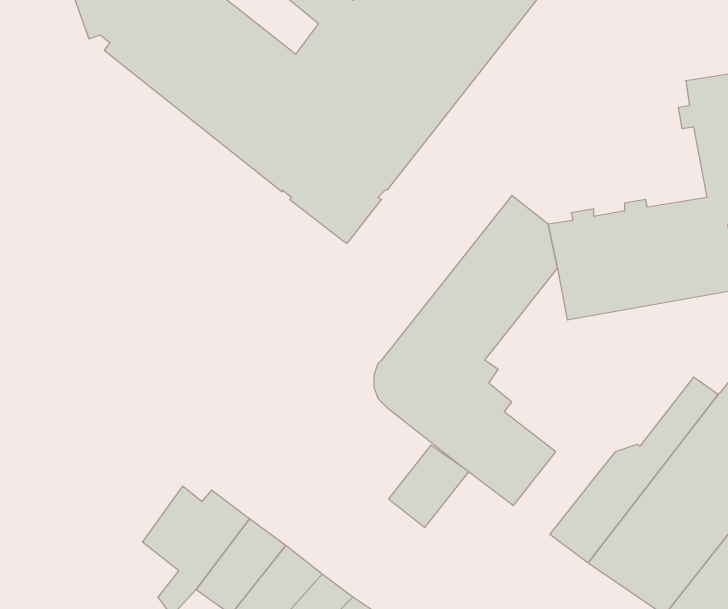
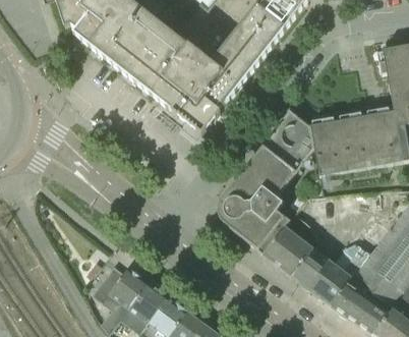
building: [389,445,469,527] -> [291,245,334,289]

